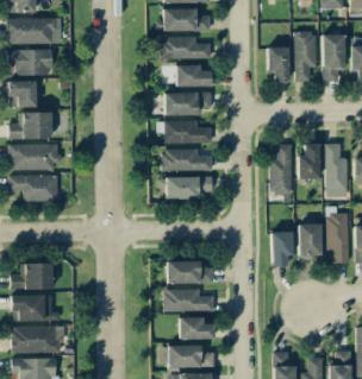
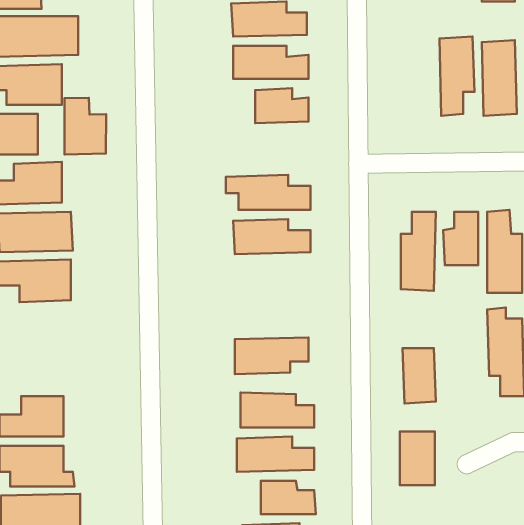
building: [268,46,291,82] -> none
building: none -> [64,98,106,154]
building: [164,91,212,115] -> none
building: [166,176,213,200] -> [235,337,309,374]
building: [299,223,322,258] -> [400,432,435,485]

